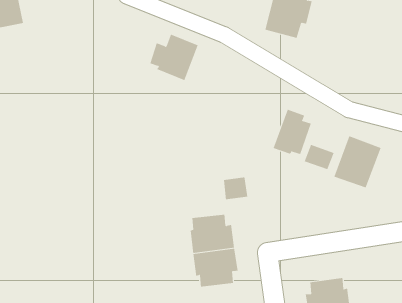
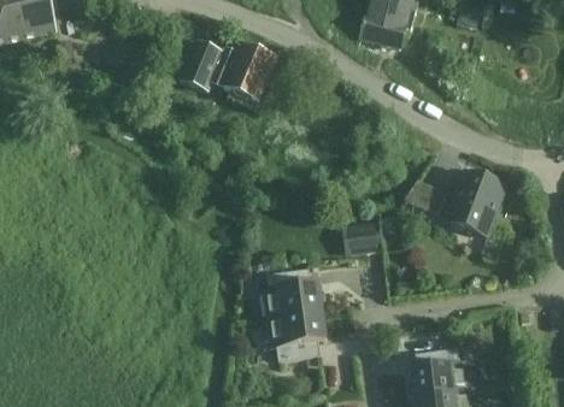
building: none -> [177,42,223,94]
building: [273,109,312,155] -> none
building: [223,177,248,200] -> [347,225,378,254]

